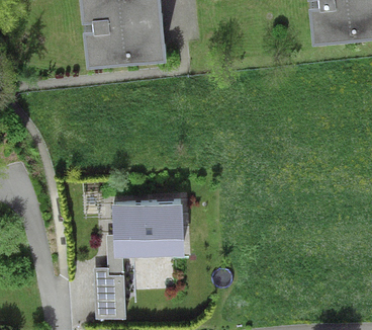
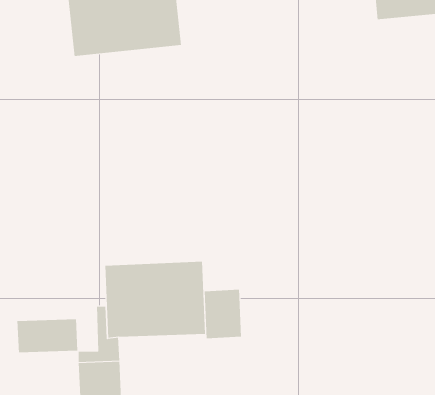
building: none -> [204,289,241,339]
building: none -> [17,319,78,353]

